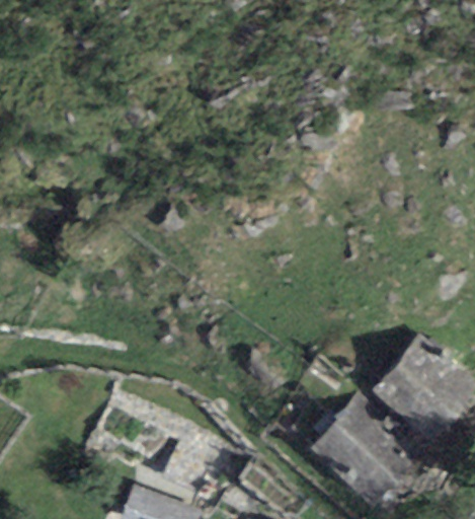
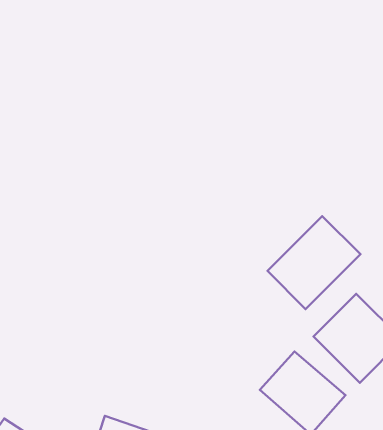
building: none -> [267,216,360,309]

